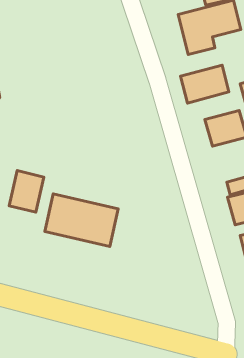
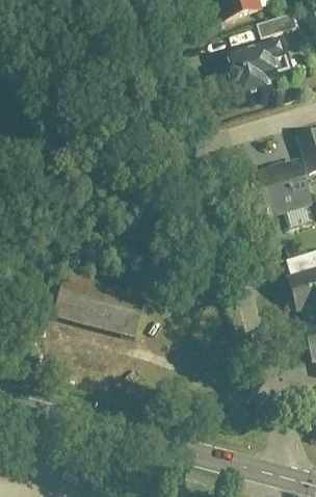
building: [181,65,229,103] -> none
building: [9,171,44,212] -> none

